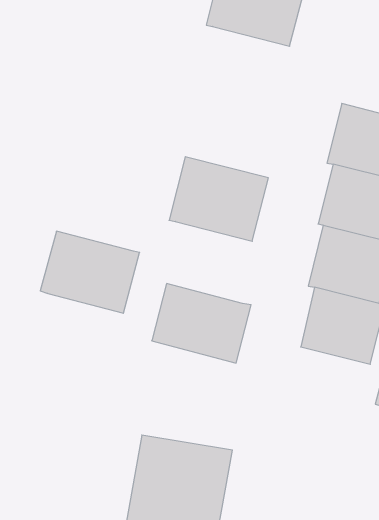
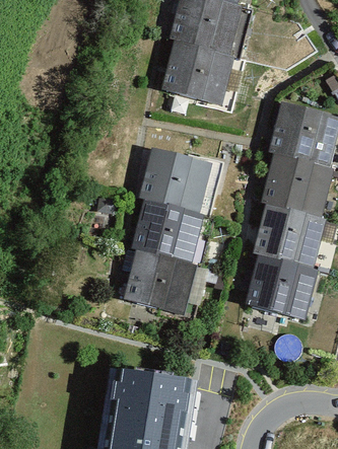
building: none -> [162,41,244,110]
building: [40,231,140,313] -> [131,200,212,267]

